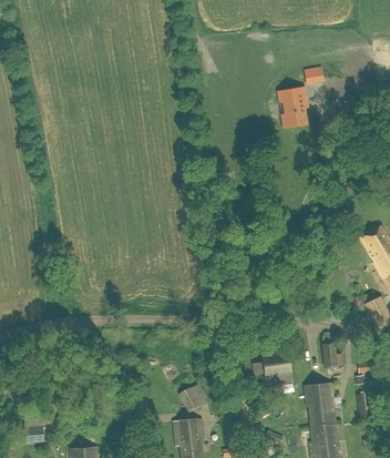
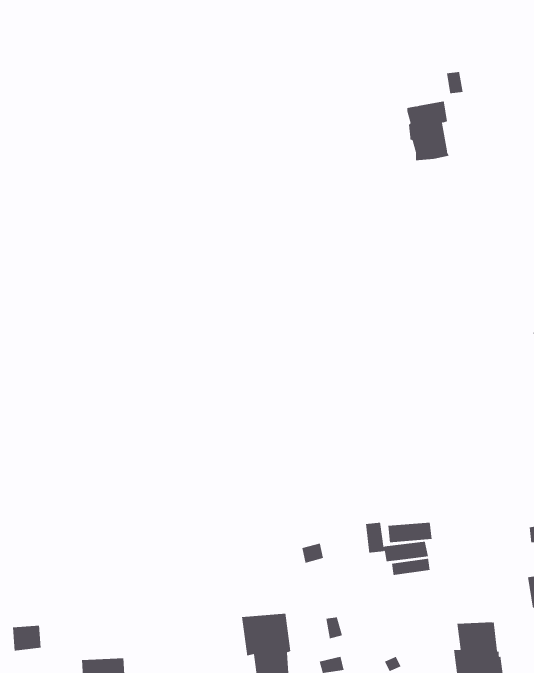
building: [321,335,342,367] -> none
building: [177,383,206,410] -> none
building: [304,383,335,425] -> none

